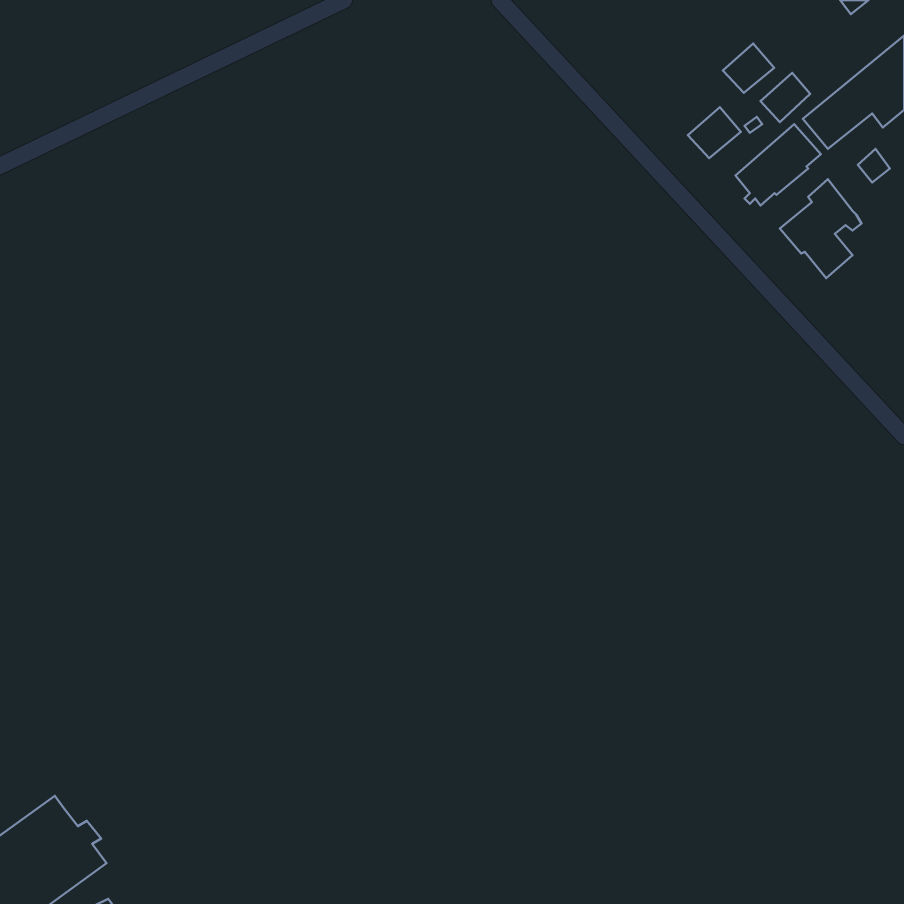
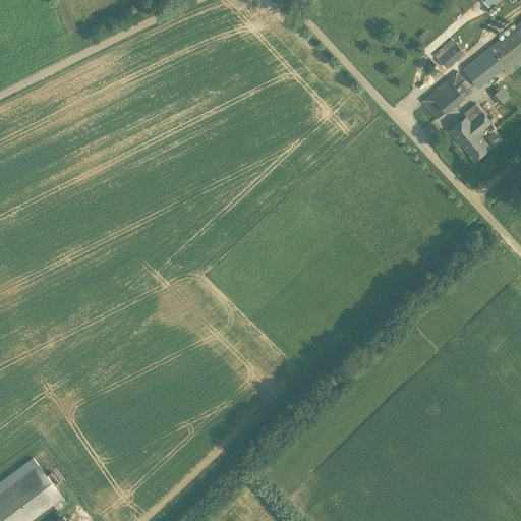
building: [723,44,774,93] -> none
building: [688,107,741,158] -> none

